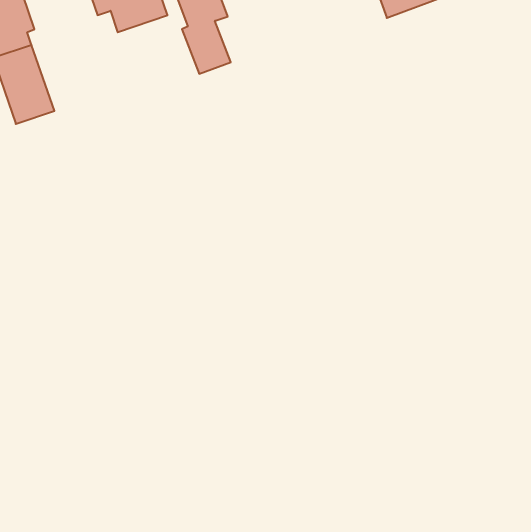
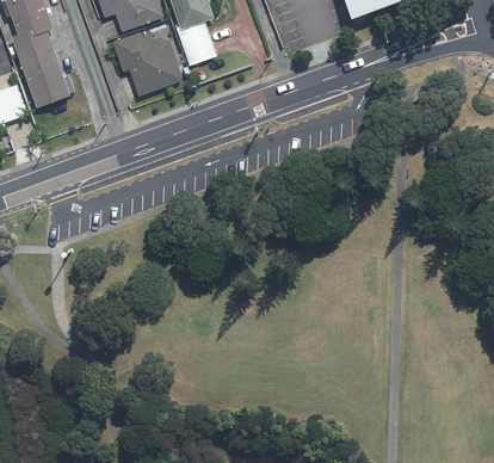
building: none -> [112,31,181,95]

